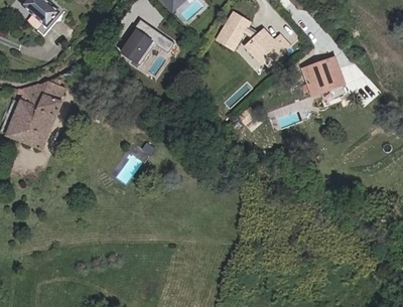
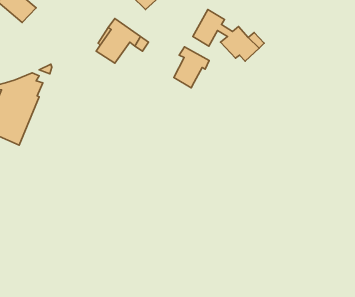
building: none -> [174,47,209,88]
building: [304,55,346,95] -> none

